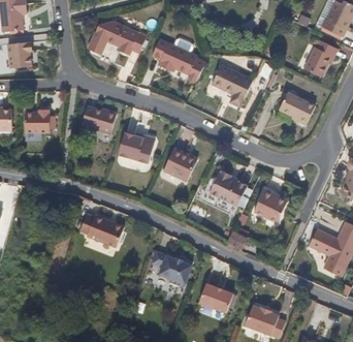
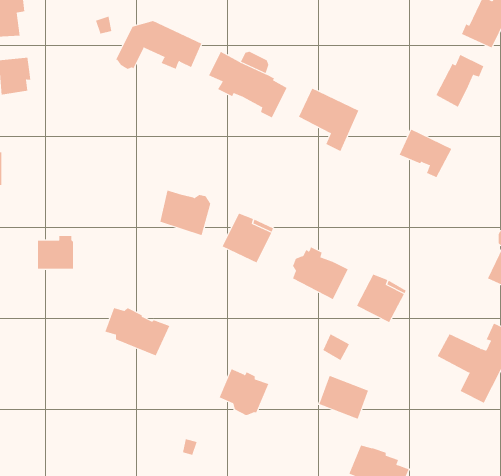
building: [81,106,115,132] -> none
building: [25,107,50,130] -> [37,236,74,269]
building: [200,282,234,312] -> [318,375,369,420]

